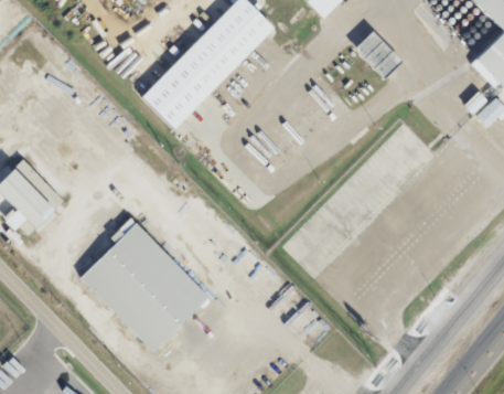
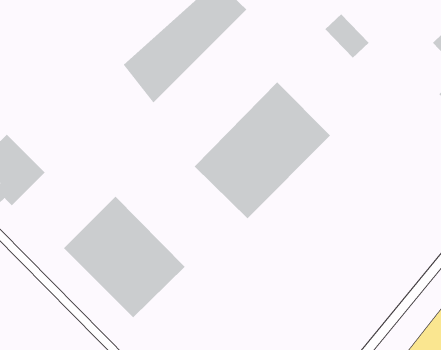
building: none -> [194,82,331,219]

